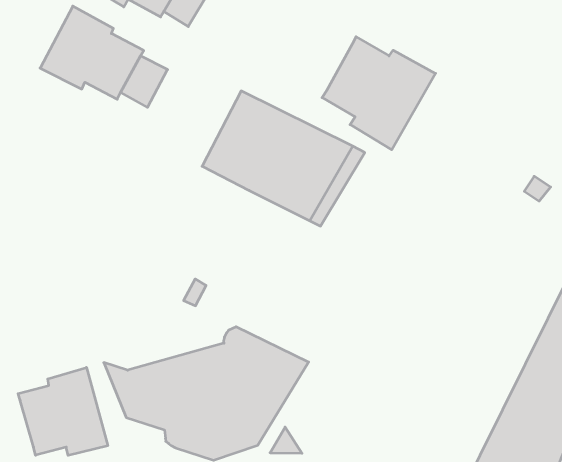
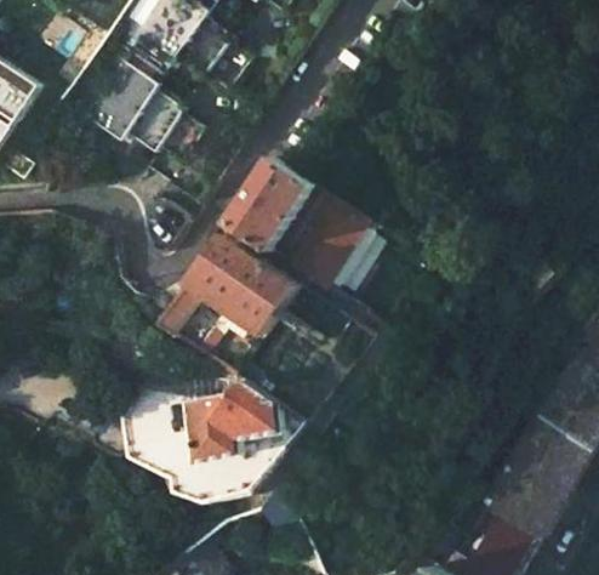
building: [322,37,436,150] -> none
building: none -> [155,237,298,338]
building: [18,367,108,455] -> none

